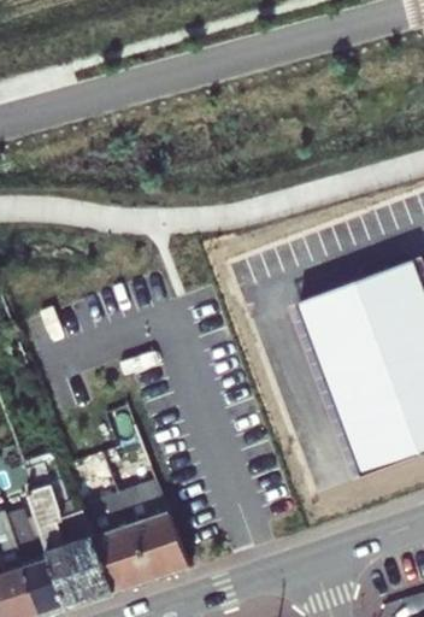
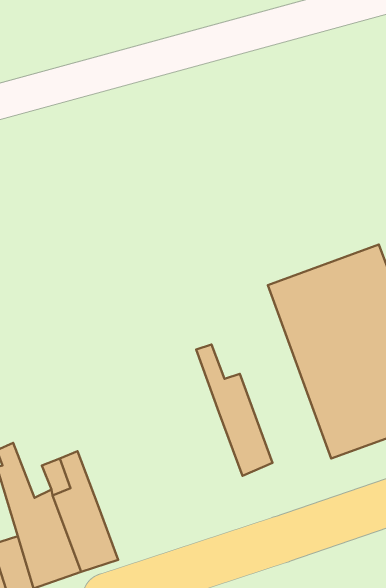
building: none -> [196,344,272,476]
building: [123,453,187,578] -> none

